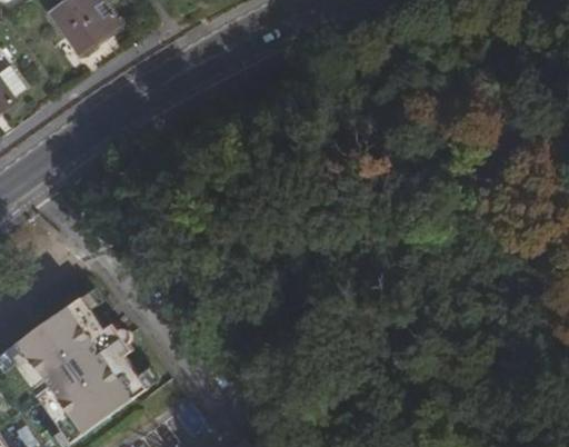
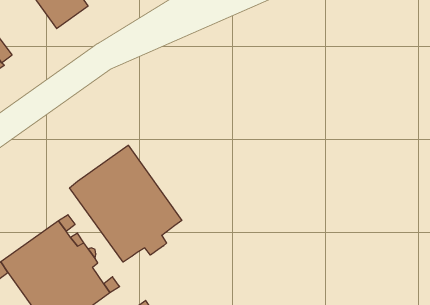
building: none -> [70,145,182,262]

